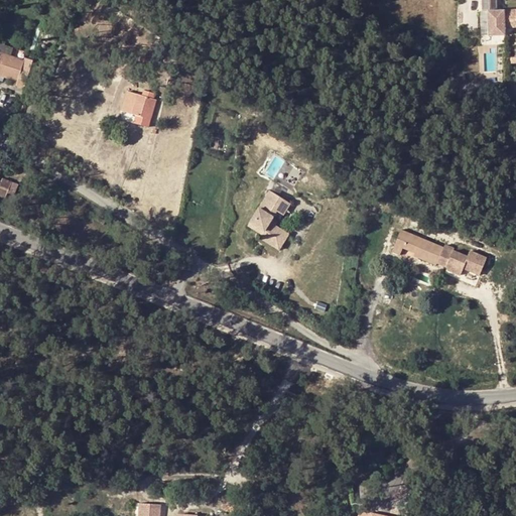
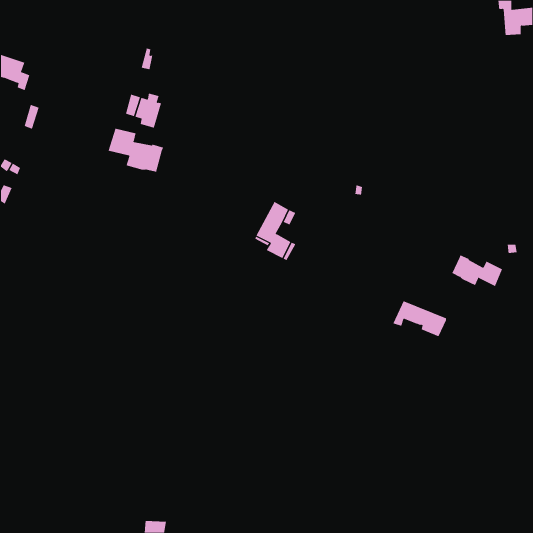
building: none -> [108,128,164,172]
building: [391,230,443,265] -> [393,300,447,337]

